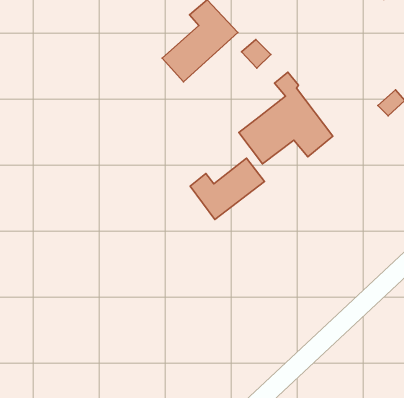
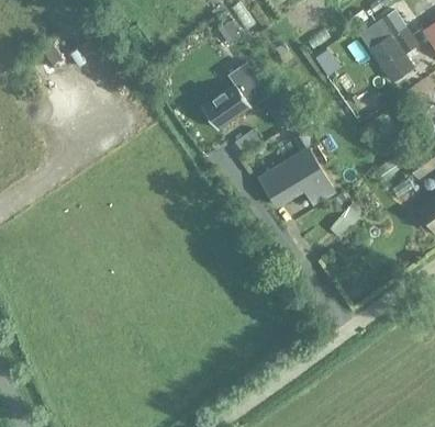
building: [190,158,264,219] -> none

